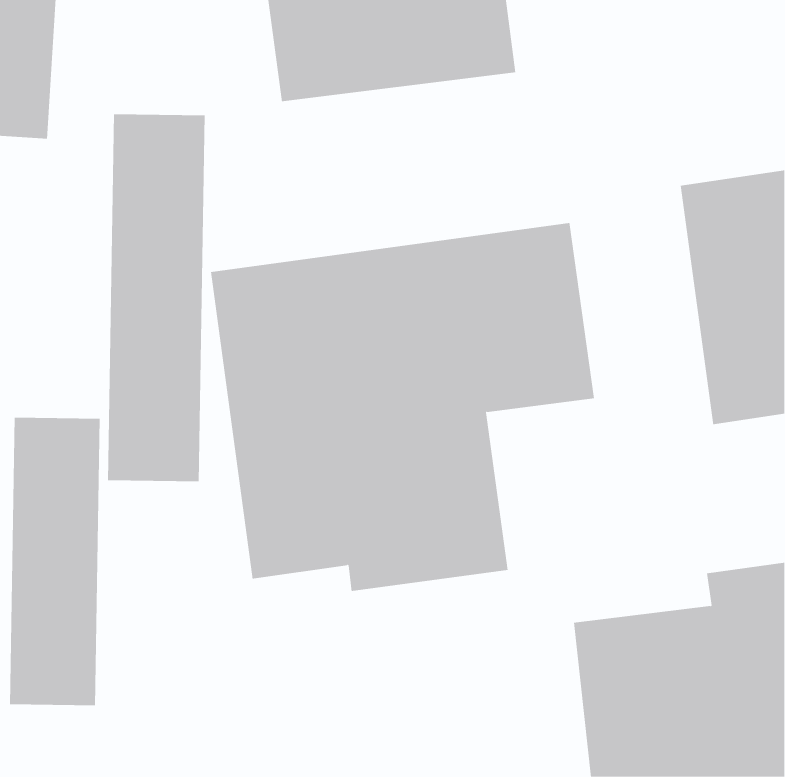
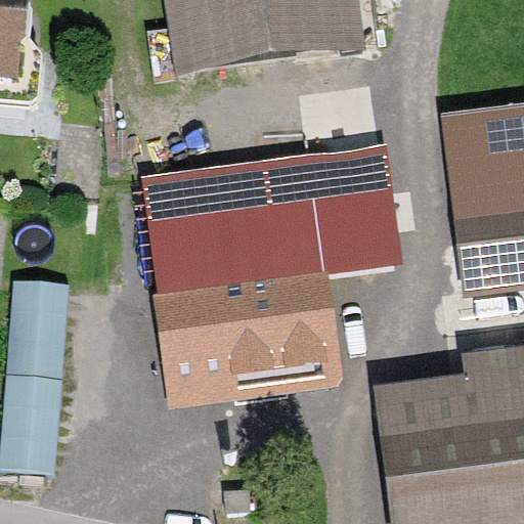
building: [107,113,205,482] -> none

